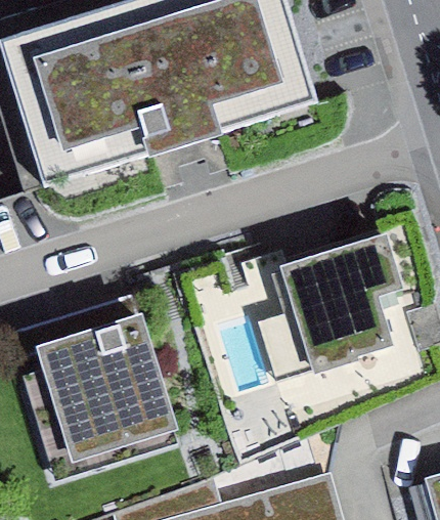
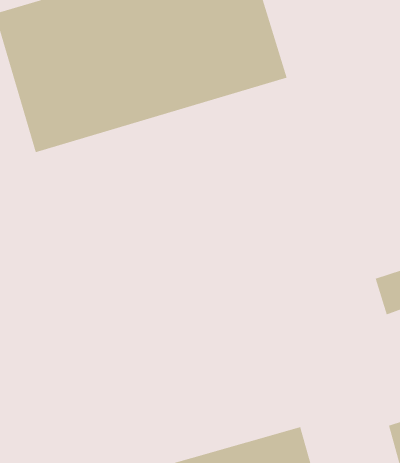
building: [282,232,405,370] -> none
building: [35,313,174,461] -> none

